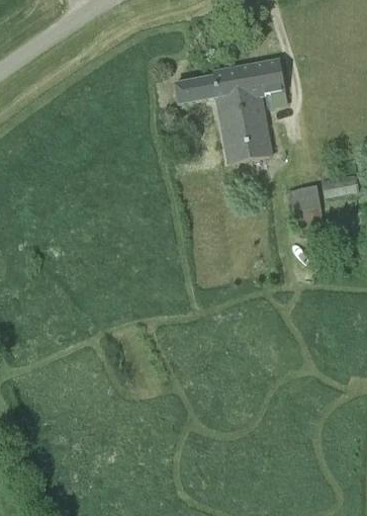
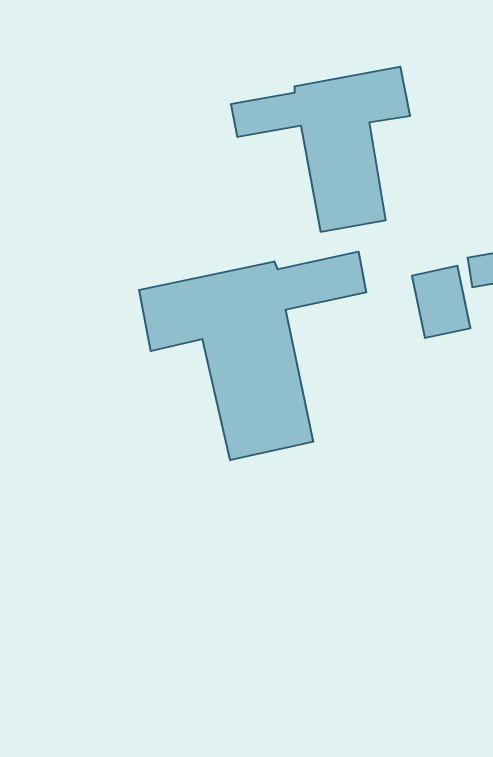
building: none -> [139,252,366,460]

